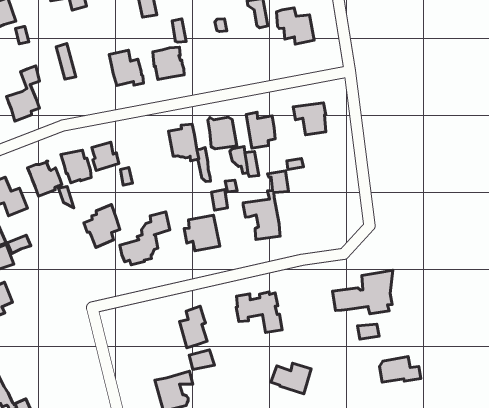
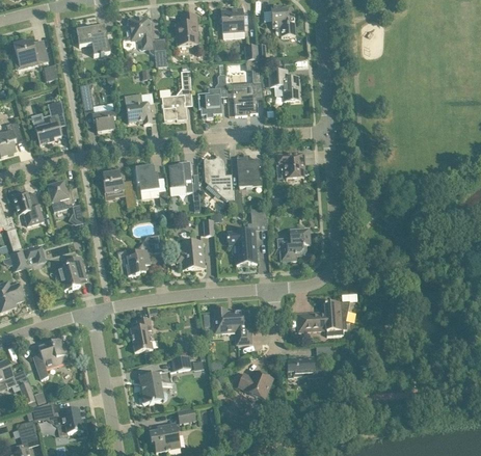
building: none -> [233,87,257,114]
building: none -> [196,86,221,116]
building: none -> [91,101,114,131]
building: [61,150,91,183] -> [134,164,158,191]
building: none -> [278,226,310,260]
building: [84,204,120,247] -> [55,254,85,290]
building: [180,306,207,348] -> [130,317,152,351]
building: none -> [33,338,66,378]
building: [380,357,421,382] -> [287,355,321,376]

